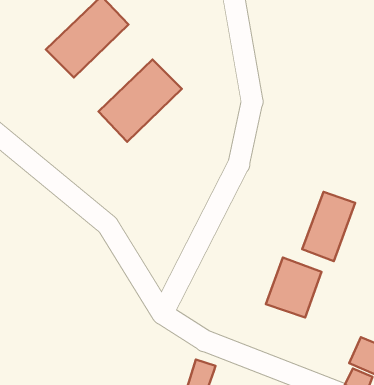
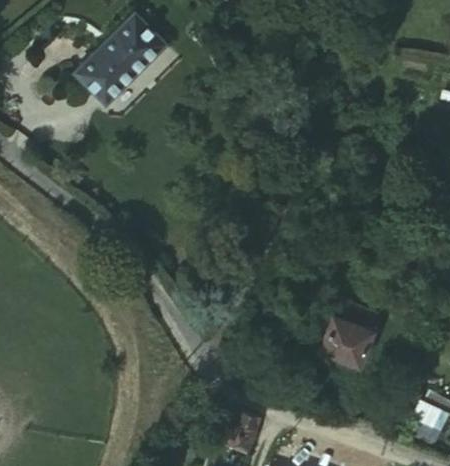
building: [99,59,182,142] -> none
building: [302,192,355,261] -> none

